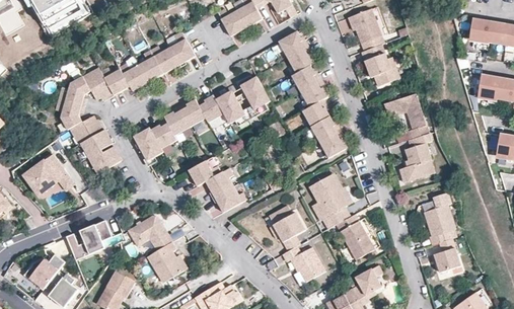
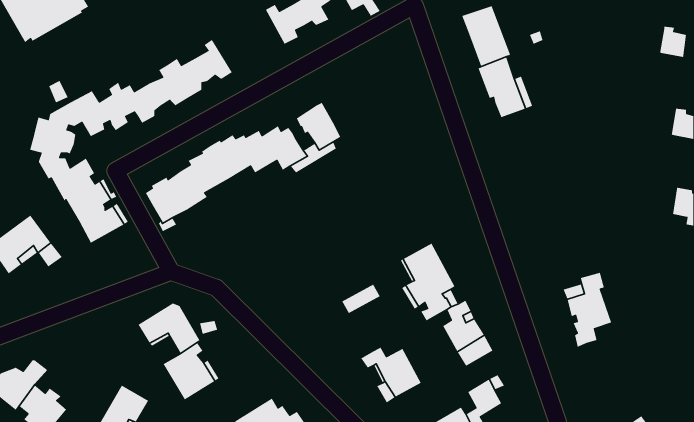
building: [469,20,491,52] -> none
building: [276,30,346,157] -> none
building: [478,77,499,104] -> none
building: [383,95,428,139] -> none
building: [402,144,431,182] -> none
building: [190,160,244,212] -> none
building: [273,211,305,249] -> none
building: [66,220,112,259] -> none
building: [435,239,461,274] -> none

